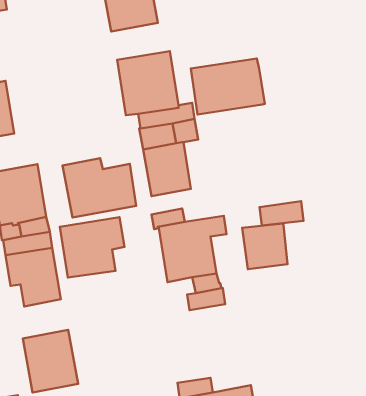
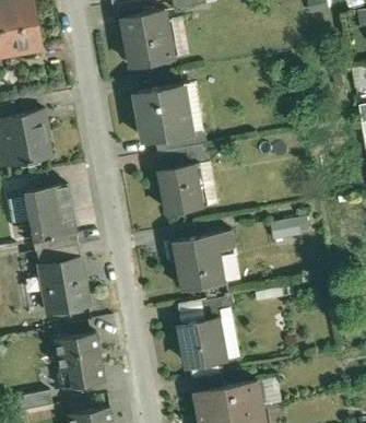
building: [191,58,265,114] -> none
building: [62,158,136,217] -> none
building: [60,217,125,277] -> none
building: [242,223,287,269] -> none
building: none -> [182,318,225,366]

